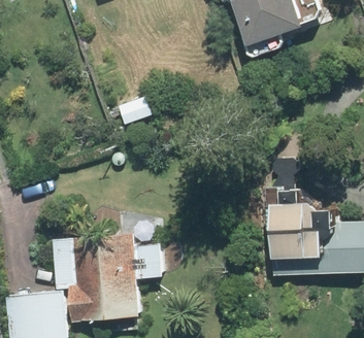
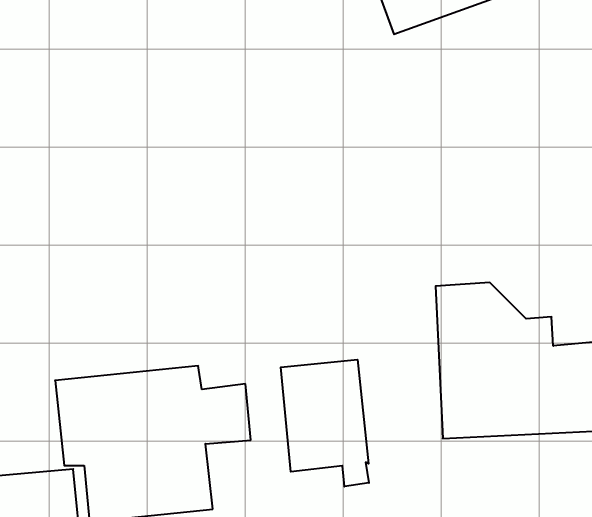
building: none -> [281,360,369,487]

